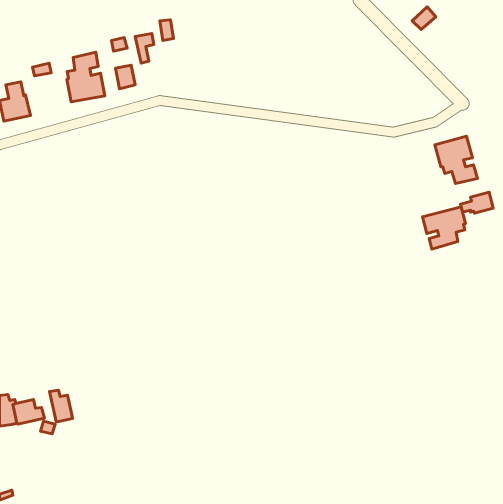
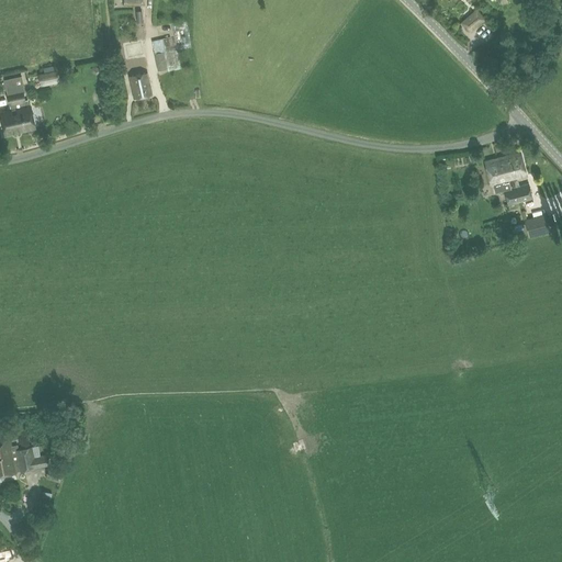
building: [67,52,105,102] -> none
building: [422,207,466,249] -> none
building: [49,390,72,422] -> none

